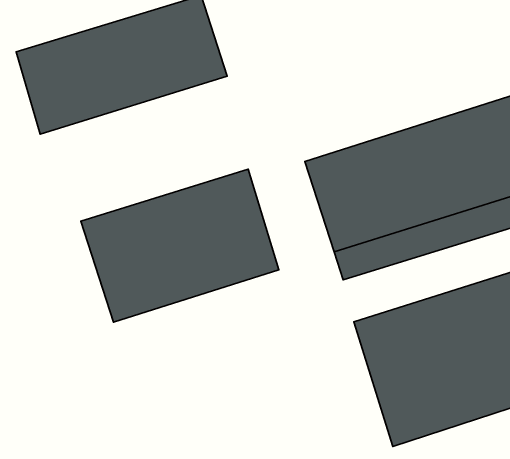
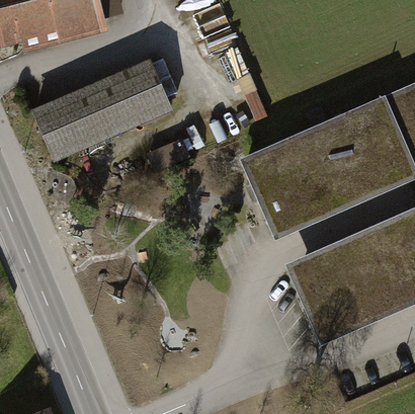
building: [81,169,279,322] -> none

